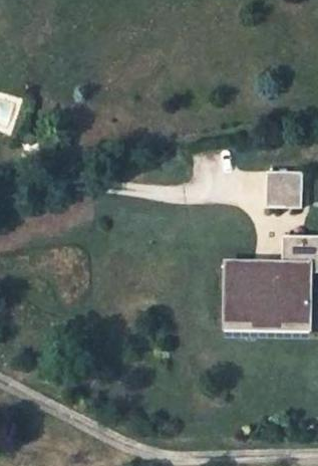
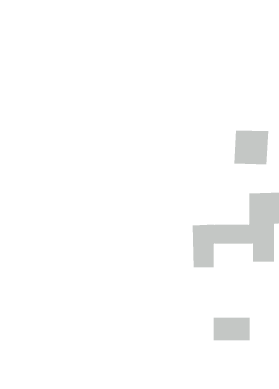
building: [244,294,284,319] -> [213,317,251,341]

